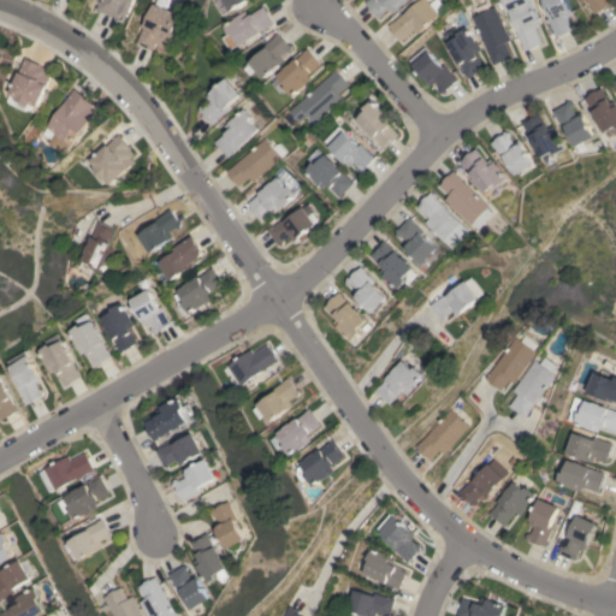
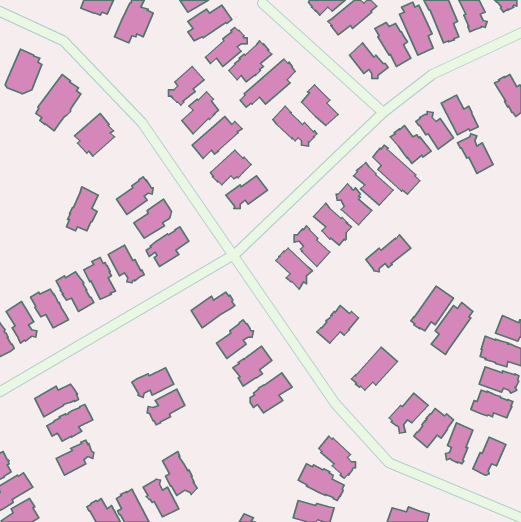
building: [551,100,593,147] -> [458,134,493,174]
building: [302,154,353,197] -> none
building: [144,397,197,440] -> none
building: [213,500,248,549] -> none

